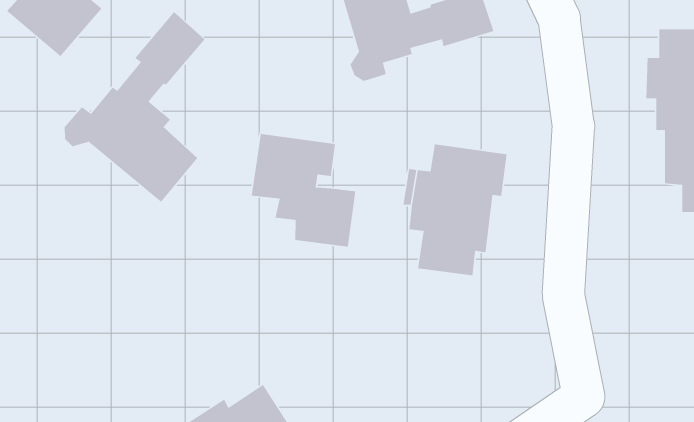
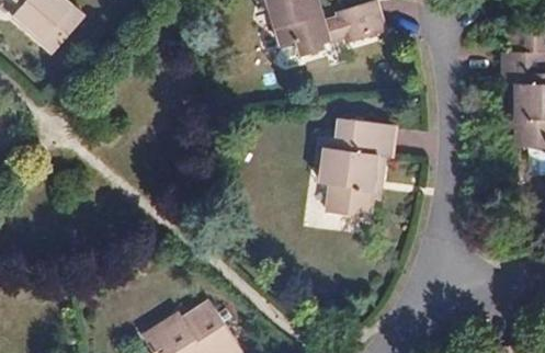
building: [64,11,206,203] -> none
building: [251,133,356,248] -> none

